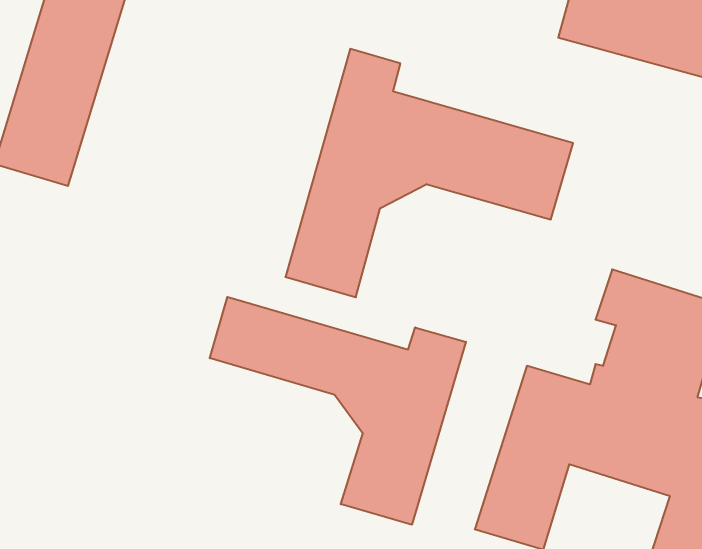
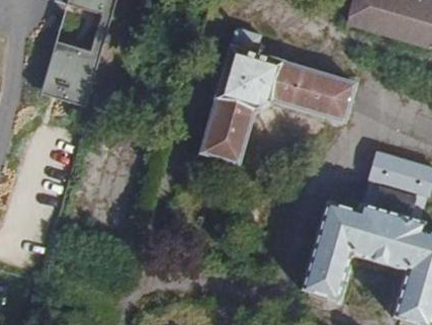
building: [210,297,466,525] -> none

